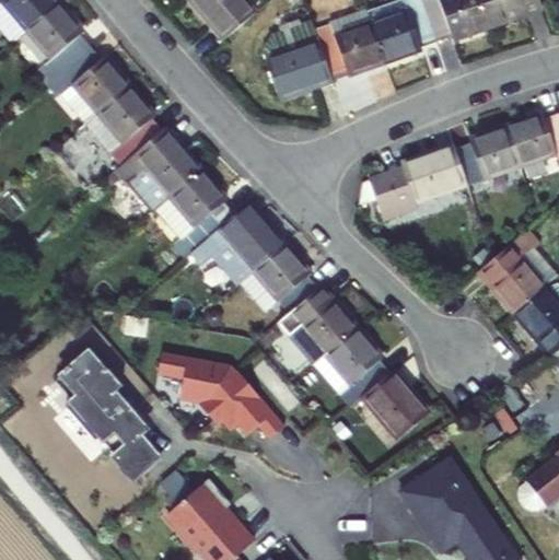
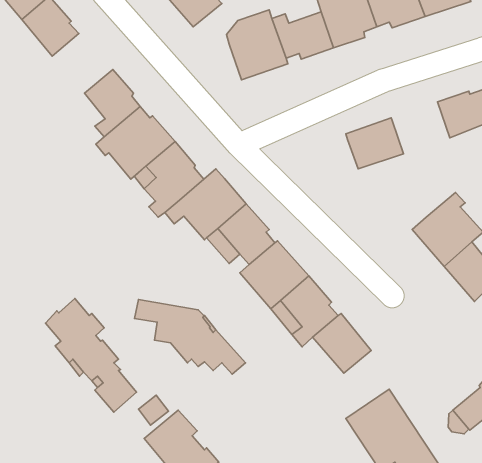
building: [61,46,131,115] -> none
building: [454,125,521,185] -> none
building: [358,168,417,220] -> none

